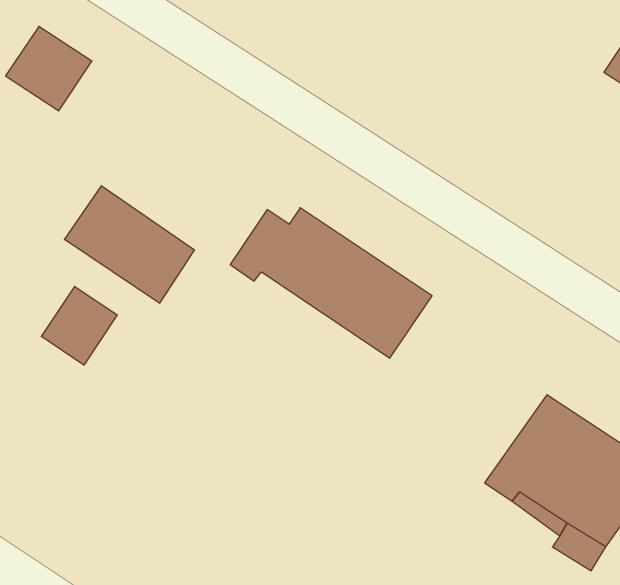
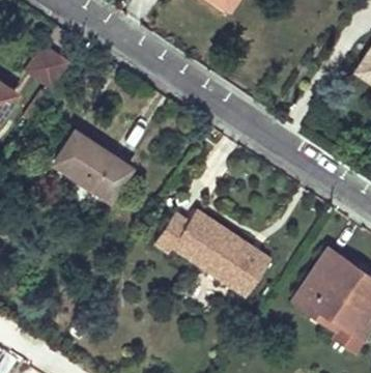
building: [230,208,432,358] -> [154,209,268,294]
building: [41,286,117,365] -> none

